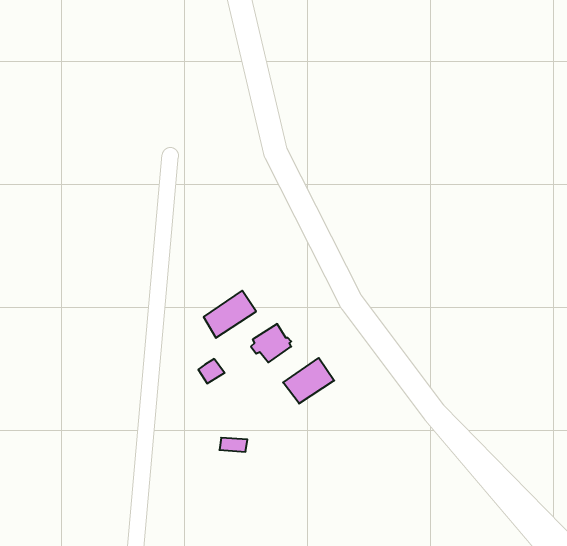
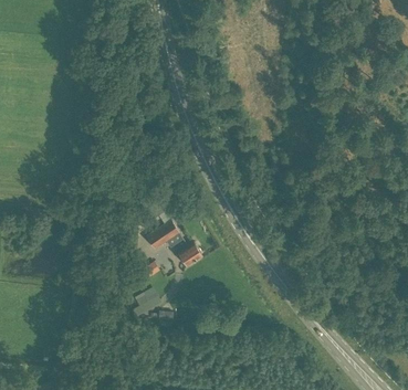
building: [283,358,334,404] -> none

